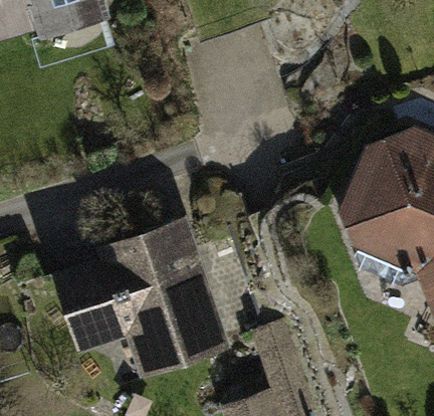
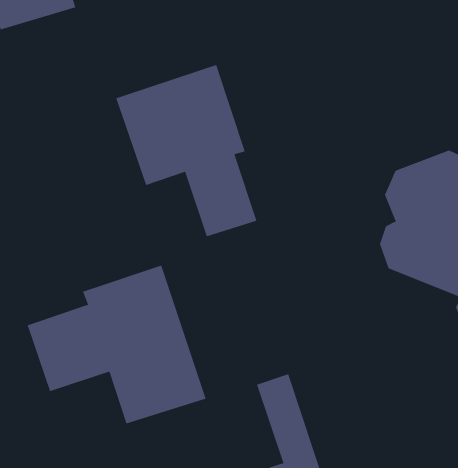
building: none -> [115,64,257,237]

